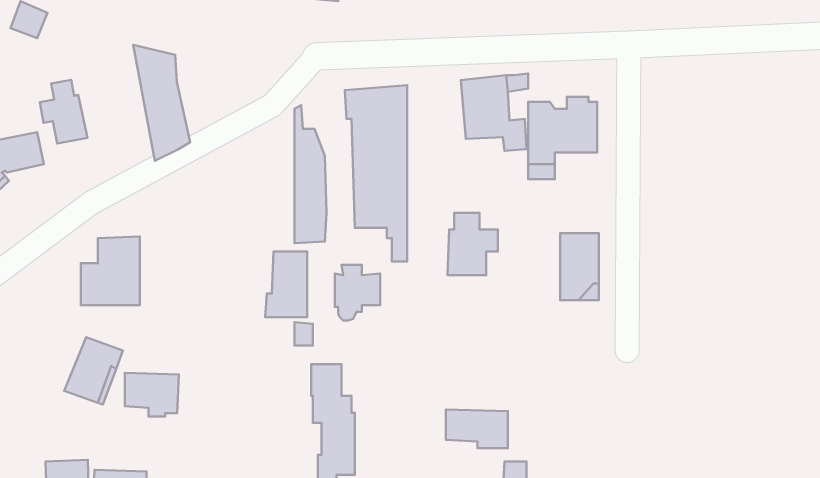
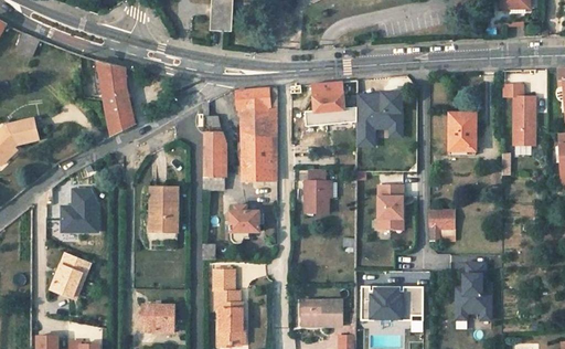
building: [40,80,87,144] -> none
building: none -> [501,84,534,145]
building: none -> [447,113,476,161]
building: [265,252,307,317] -> [149,188,177,231]
building: none -> [428,214,451,244]
building: none -> [455,263,490,320]
building: [125,373,179,416] -> [140,303,175,331]
building: none -> [360,285,422,319]

